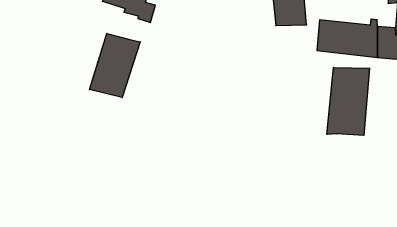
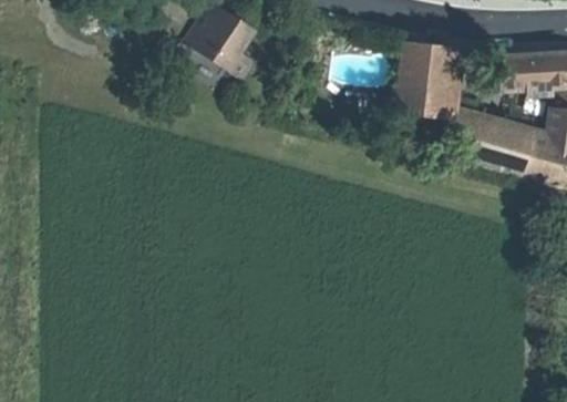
building: [90,33,140,98] -> none
building: [327,67,370,135] -> none

